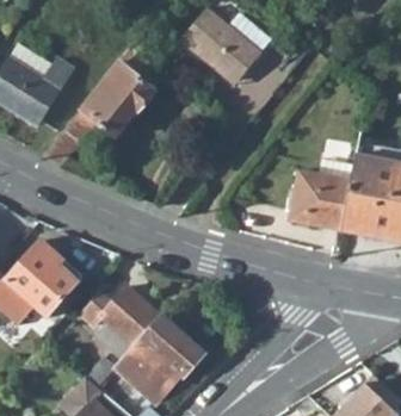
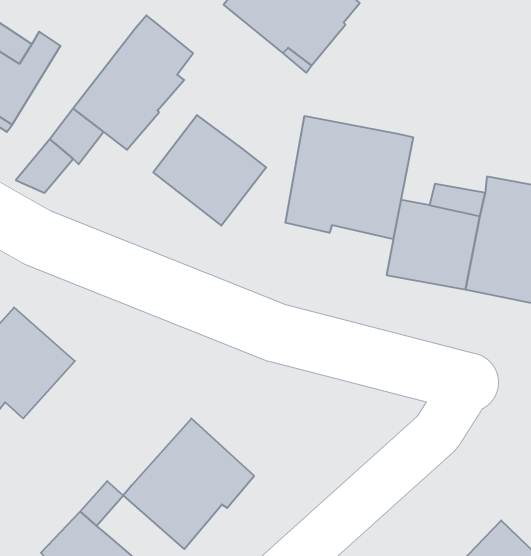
building: none -> [153,115,266,226]
building: none -> [285,116,413,239]
building: [79,286,159,360] -> none

